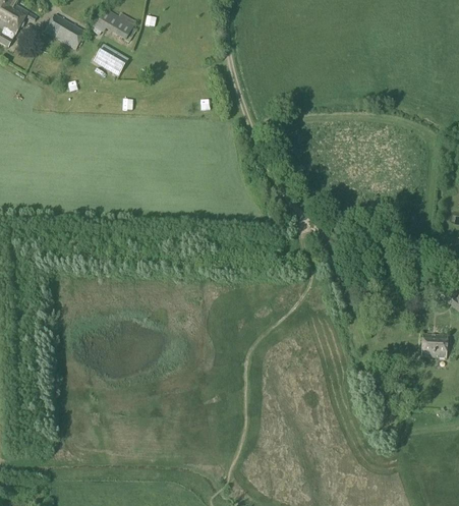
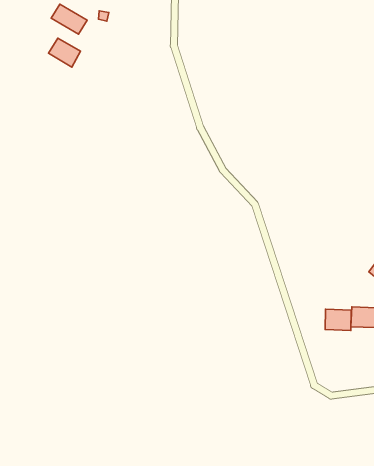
building: [45,13,84,48] -> none
building: none -> [325,309,351,330]

